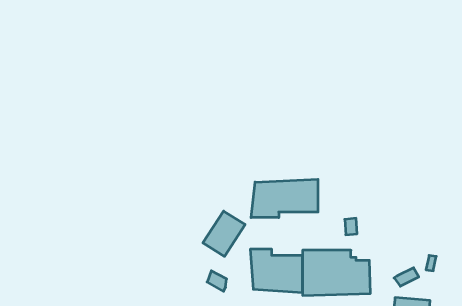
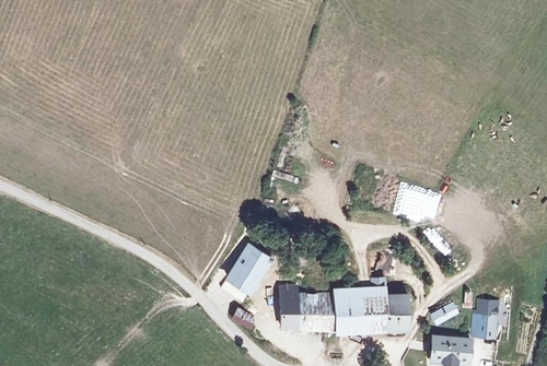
building: [251,179,318,218] -> none
building: none -> [475,310,497,338]

